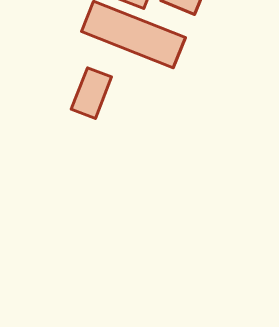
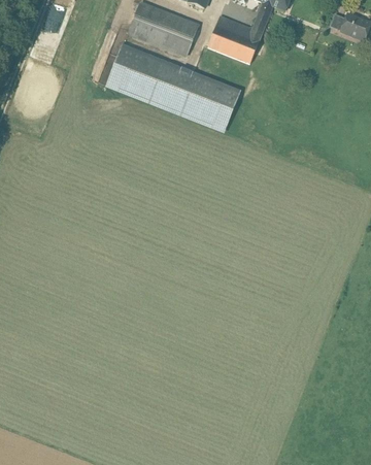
building: [71,68,111,119] -> none

